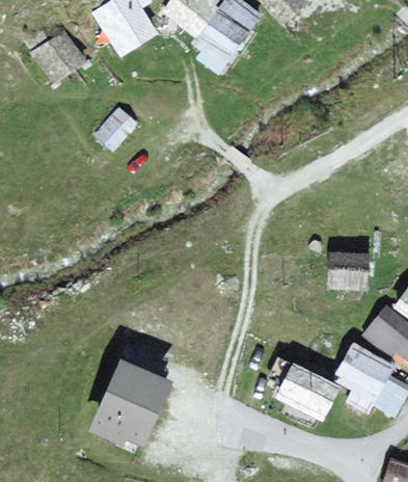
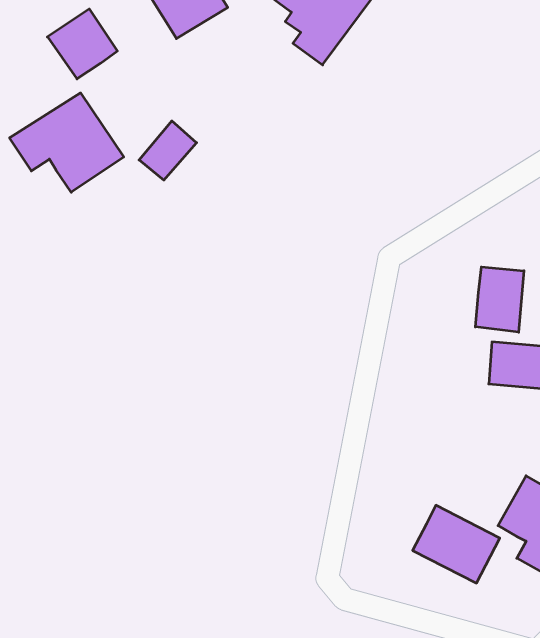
building: none -> [10,93,124,192]
building: none -> [475,267,524,332]
building: [92,364,166,443] -> none

